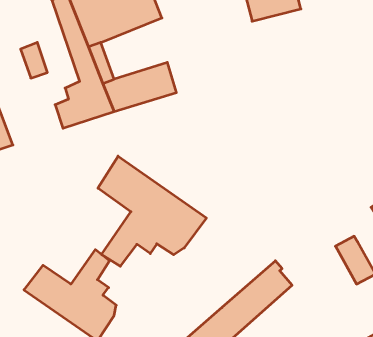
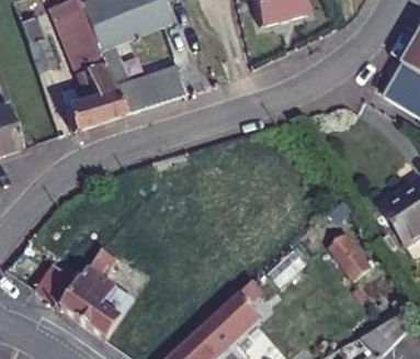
building: [98,156,206,266] -> none

